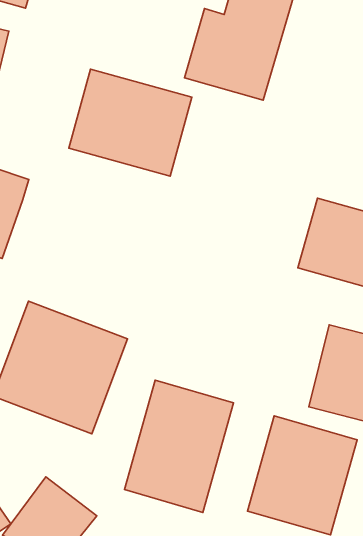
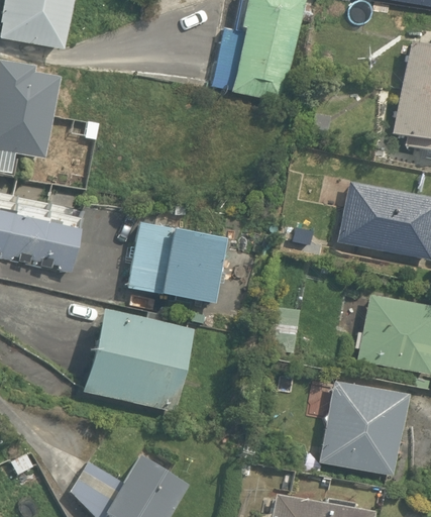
building: [69,69,192,176] -> none
building: none -> [129,219,227,302]
building: [124,380,233,513] -> none

